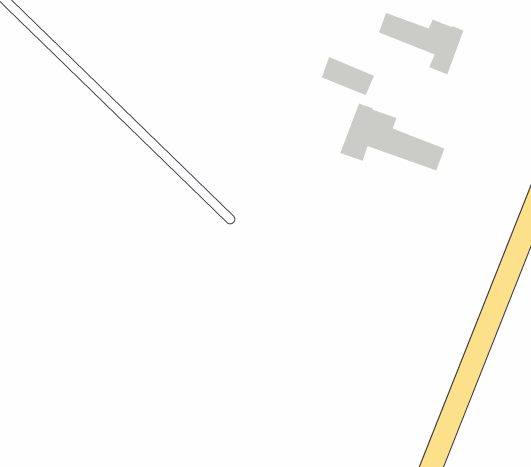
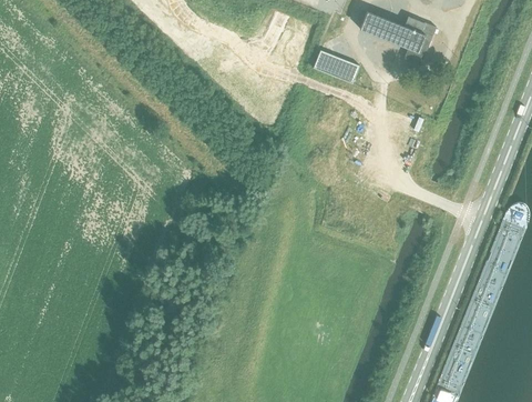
building: [339,102,446,171] -> none

